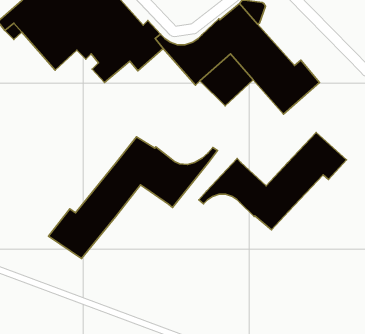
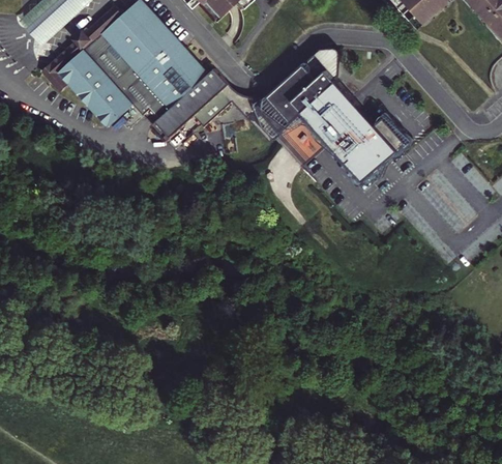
building: [199,133,346,230] -> none
building: [49,137,218,259] -> none

